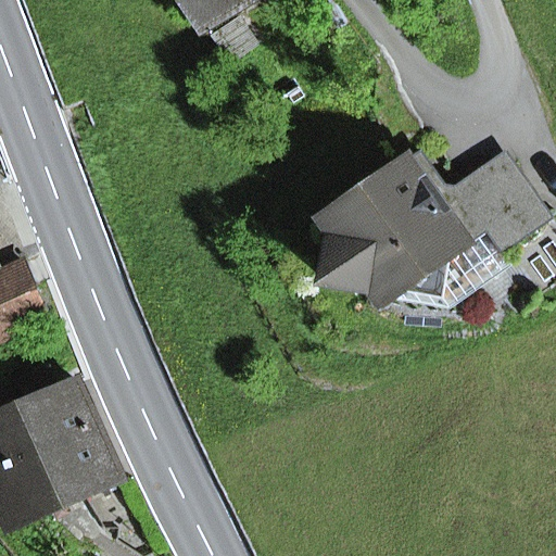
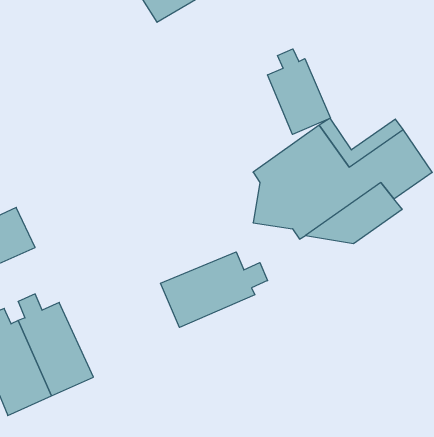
building: none -> [268,49,331,134]
building: none -> [161,252,268,327]

